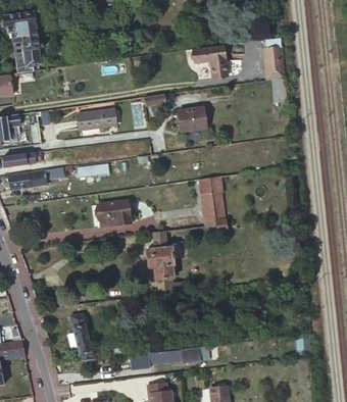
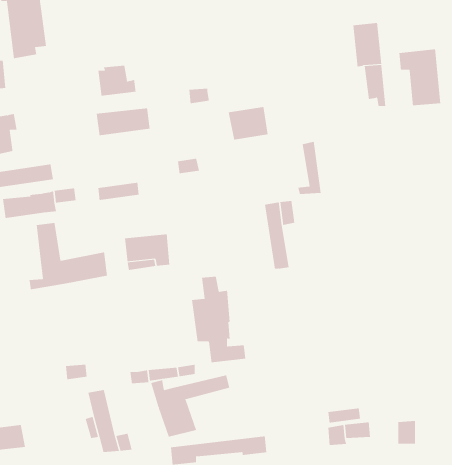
building: [193,45,228,78] -> none
building: none -> [399,49,441,106]
building: none -> [98,65,136,96]
building: none -> [29,222,108,290]
building: [209,193,227,232] -> [298,141,321,195]
building: none -> [150,375,230,437]

